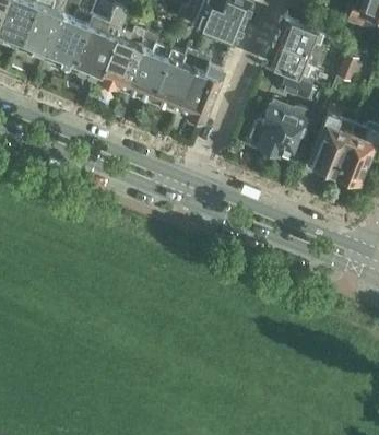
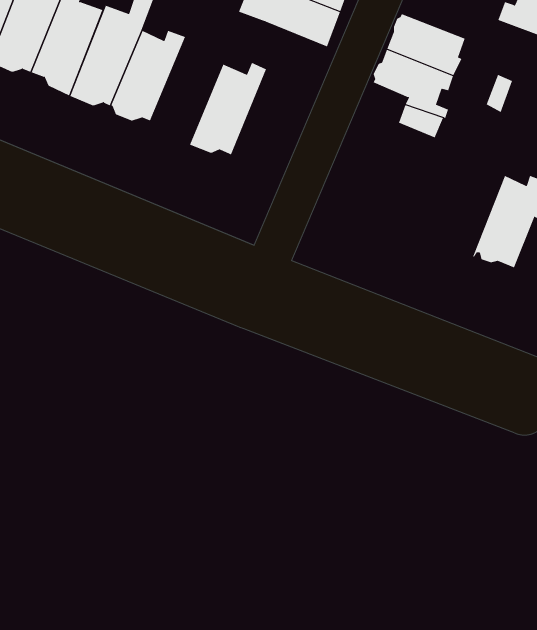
building: [121,31,168,101] -> none
building: [174,51,222,120] -> none
building: [249,105,310,156] -> none
building: [306,110,351,173] -> none

